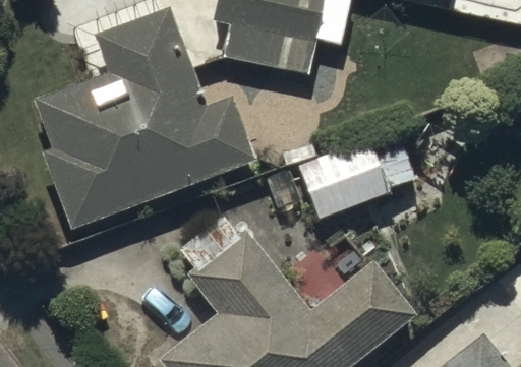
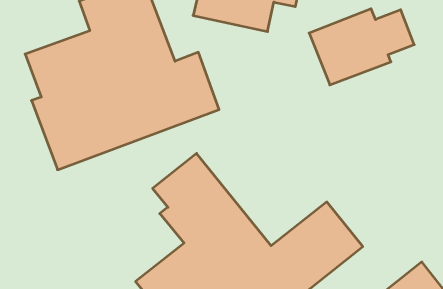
building: [298,133,417,220] -> [309,9,414,85]

